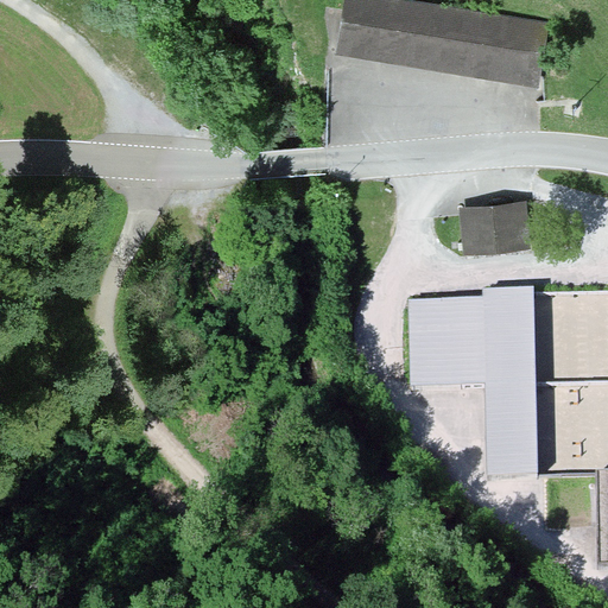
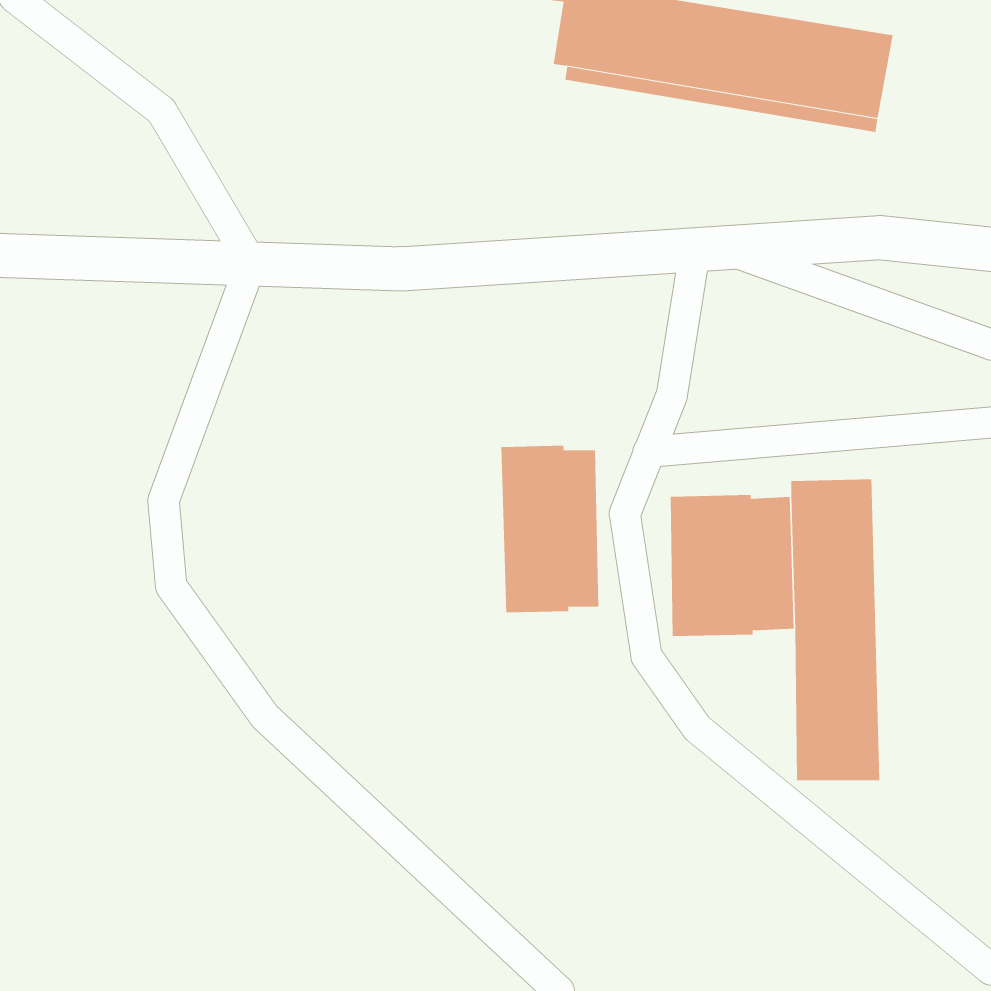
building: [461,205,526,249] -> none
building: none -> [501,445,599,613]

